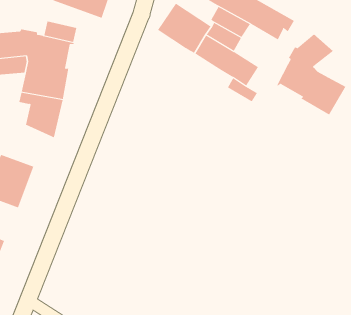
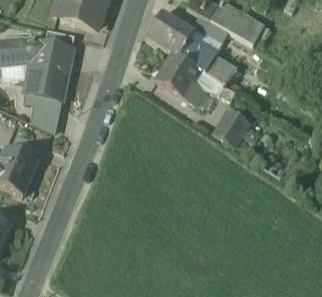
building: [276,34,346,116] -> none
building: none -> [155,53,204,105]
building: none -> [214,113,248,146]

